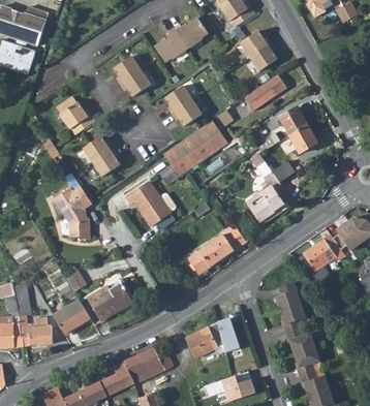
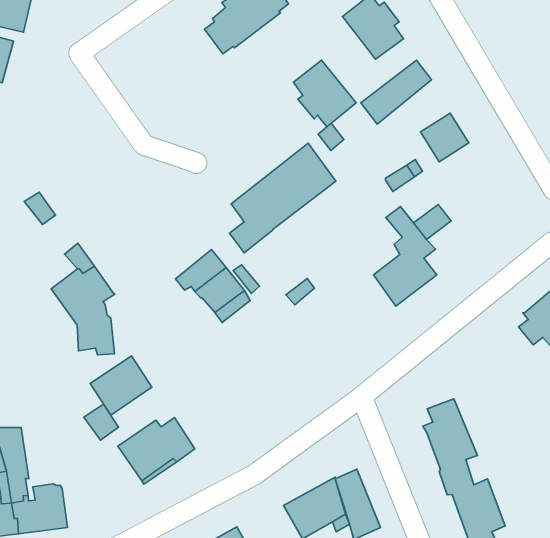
building: [112,57,148,96] -> none
building: [165,86,203,126] -> [293,60,356,127]
building: [55,96,93,135] -> none
building: [290,125,318,153] -> none
building: [83,137,119,178] -> none
building: [188,225,252,275] -> none
building: [304,235,345,271] -> none
building: [56,301,93,336] -> [90,356,152,415]

